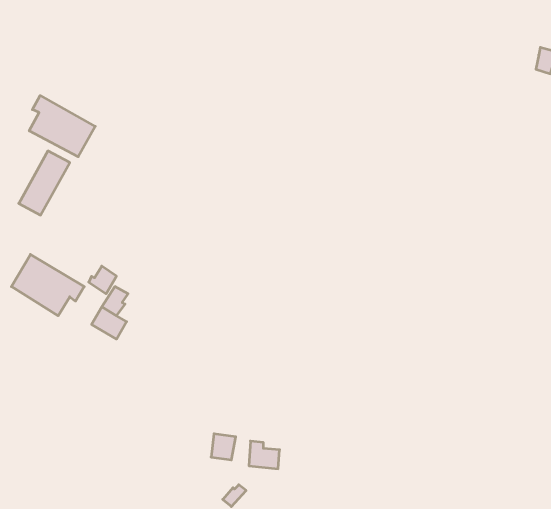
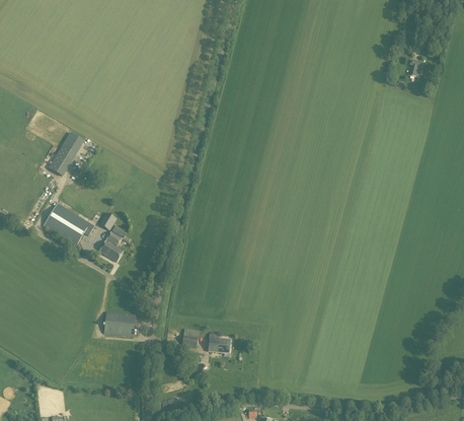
building: [29,96,95,157] -> none
building: none -> [104,310,136,336]

